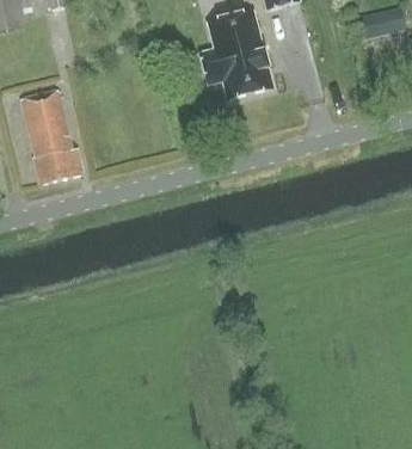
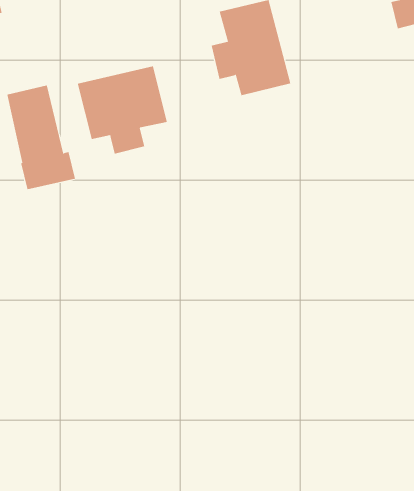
building: none -> [77,66,167,154]

